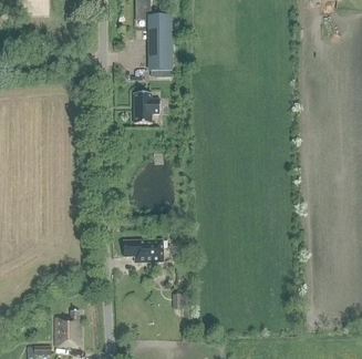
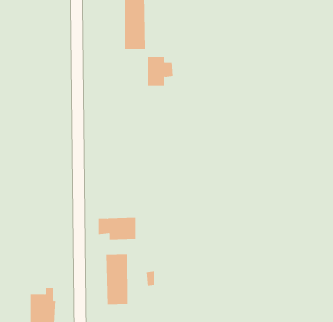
building: [133,93,159,123] -> [147,57,173,86]
building: none -> [106,254,128,305]

